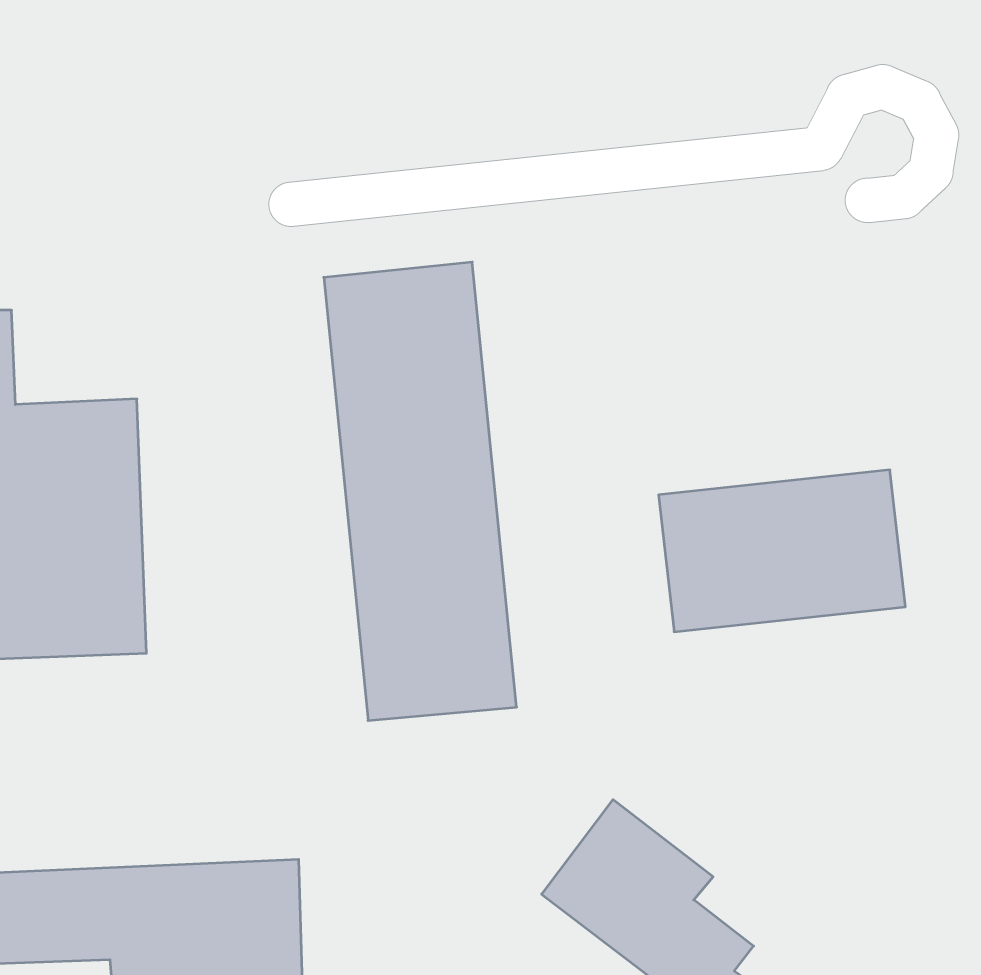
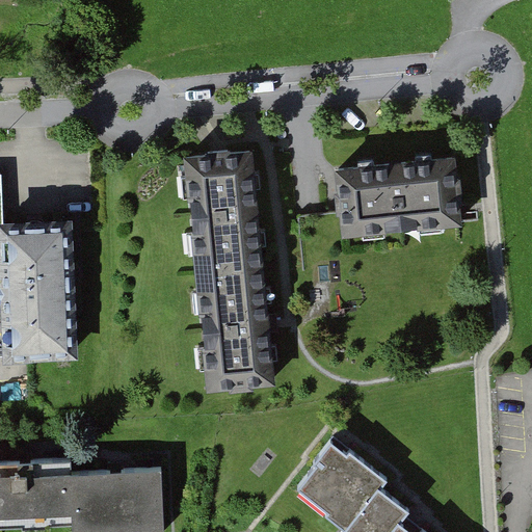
building: [659,470,905,632] -> [331,153,464,240]

